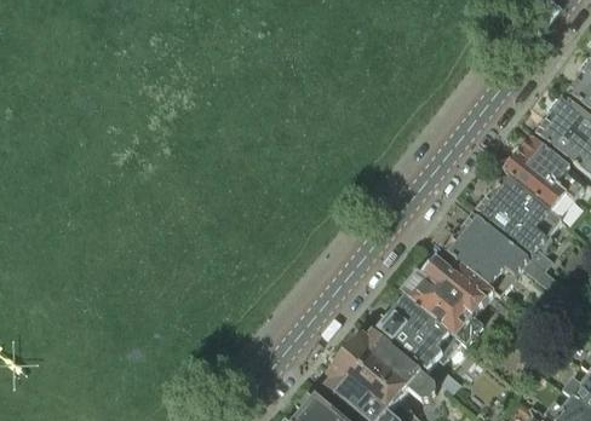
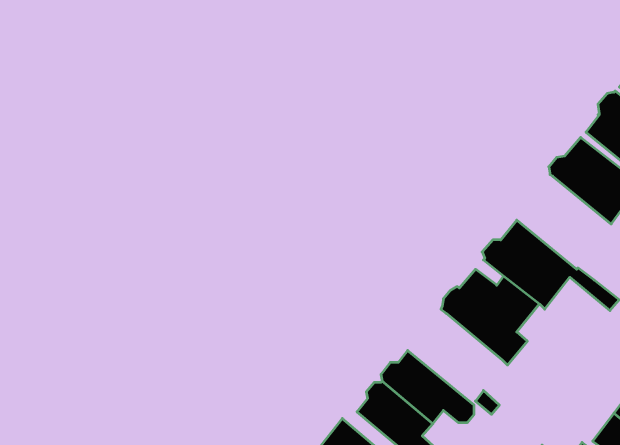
building: [477,173,562,267] -> none
building: [381,298,461,369] -> none

